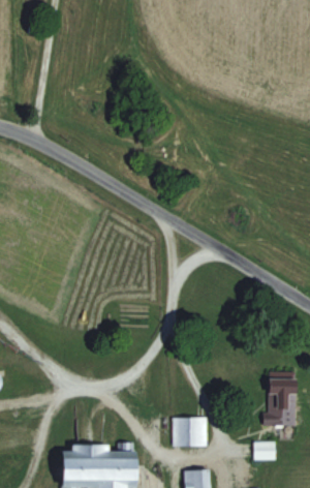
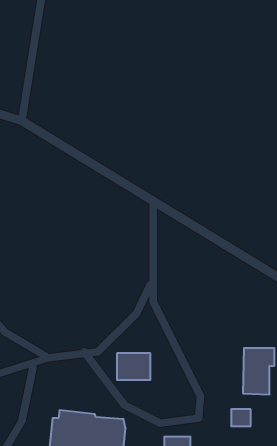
building: [170,418,206,446] -> [117,353,150,380]

